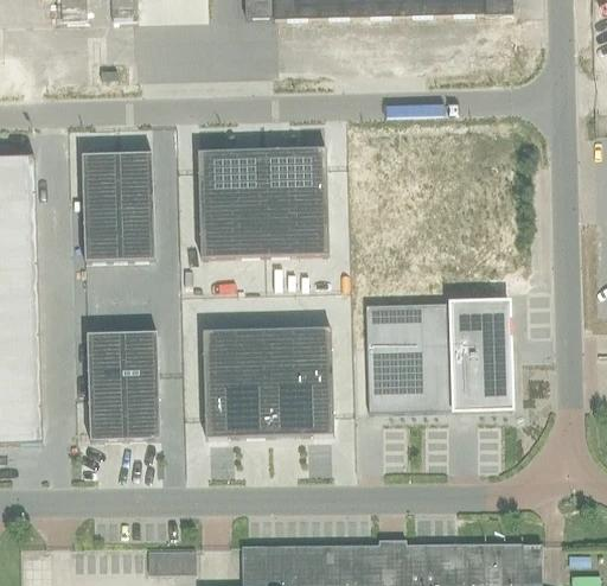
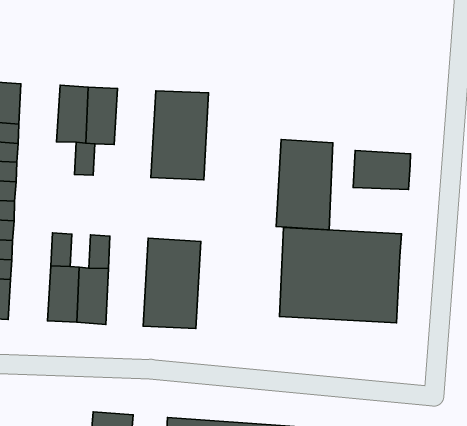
building: [261,148,327,255] -> [276,140,333,230]
building: none -> [353,151,411,190]
building: [128,221,153,260] -> none
building: [82,222,107,261] -> none
building: [266,329,332,435] -> none
building: [109,332,133,372] -> none

